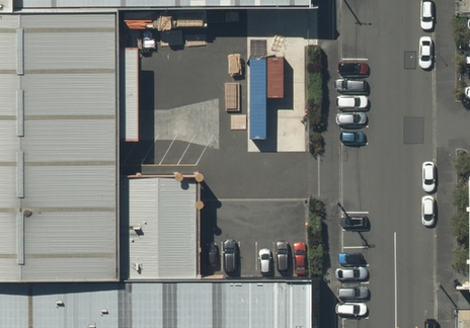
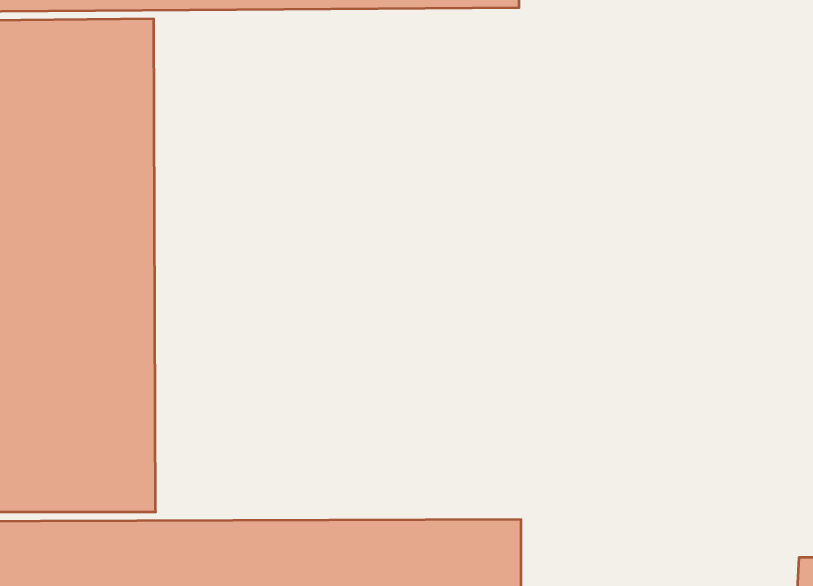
building: [113,180,192,283] -> none

